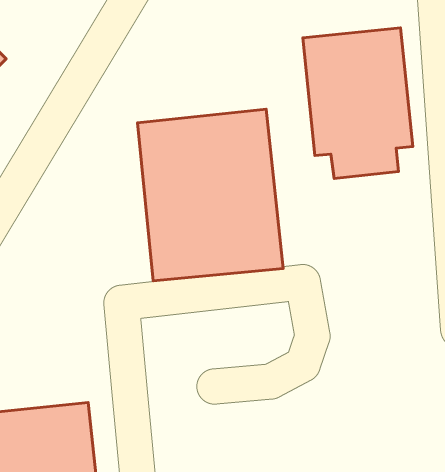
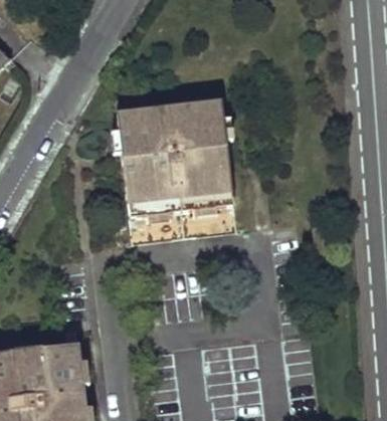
building: [303,28,413,178] -> none

